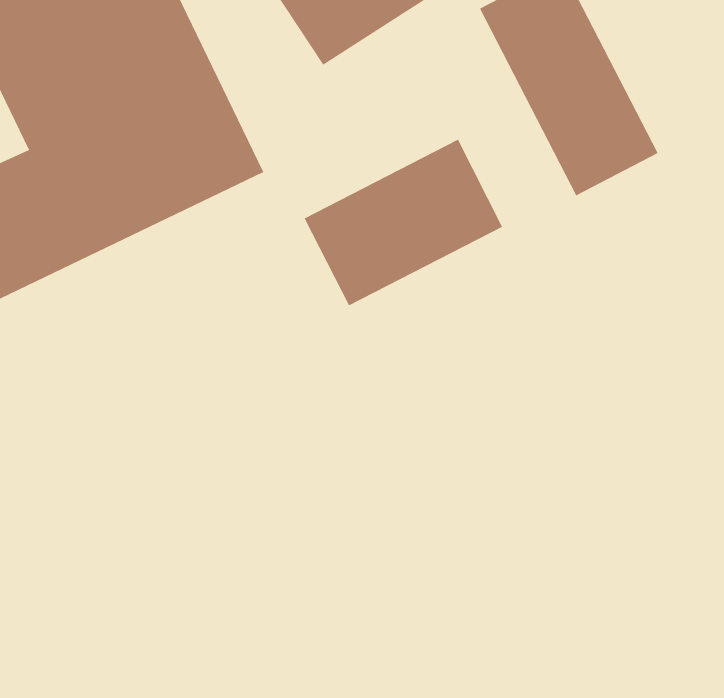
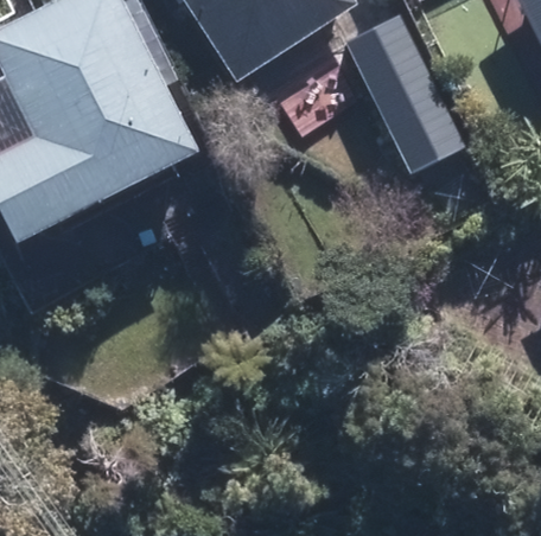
building: [304,139,503,306] -> none

